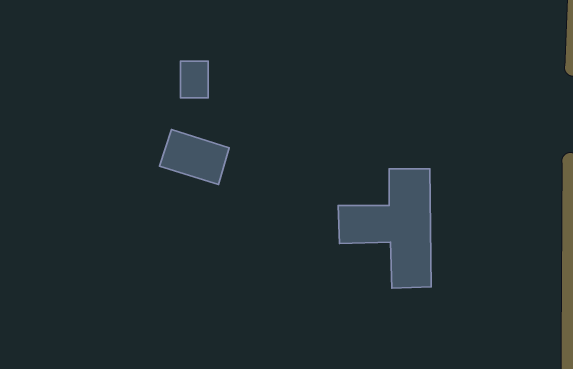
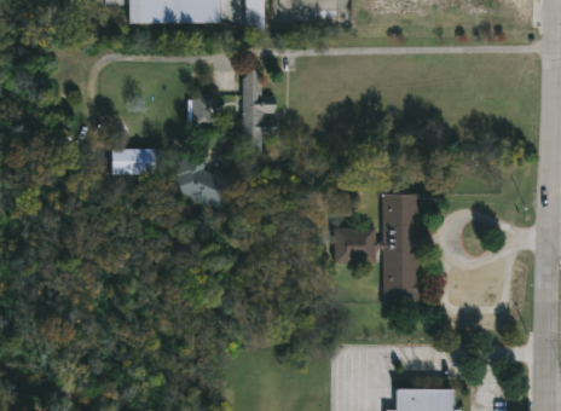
building: none -> [243,74,274,145]
building: none -> [111,150,155,175]

